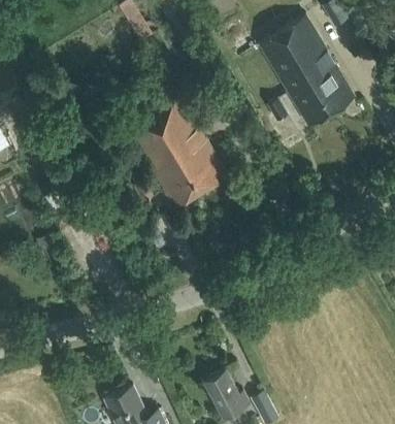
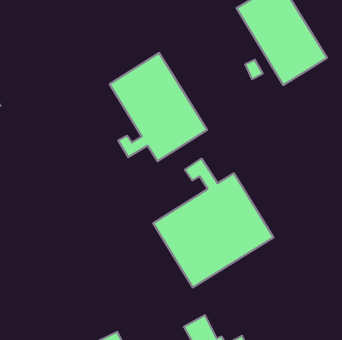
building: none -> [153,159,273,288]

